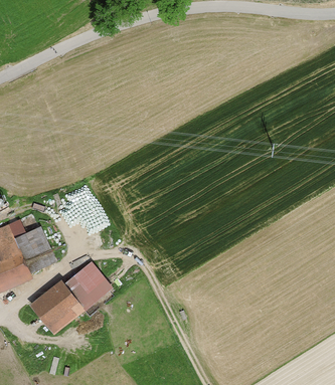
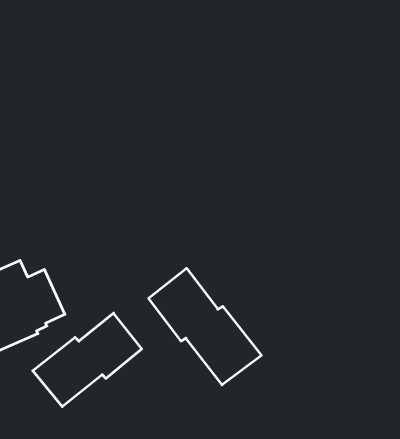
building: none -> [149,268,261,385]

